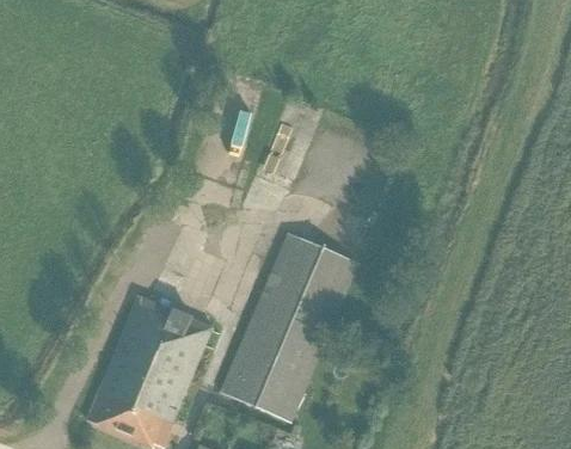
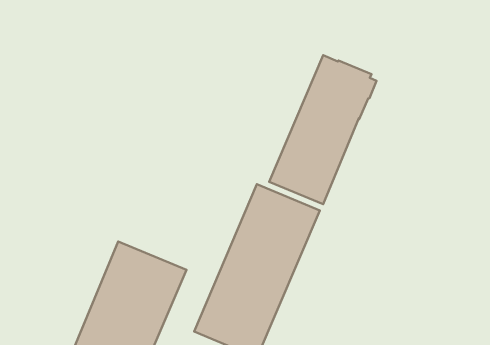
building: none -> [269,55,377,204]

